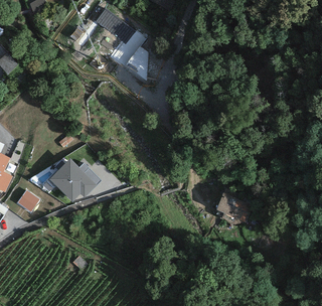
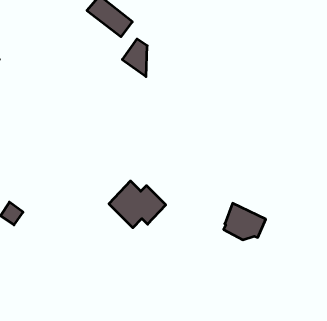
building: [50,158,101,199] -> [109,181,166,228]

